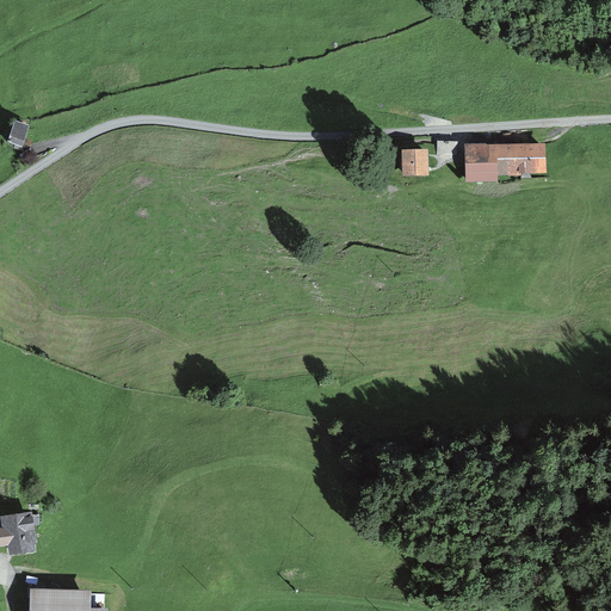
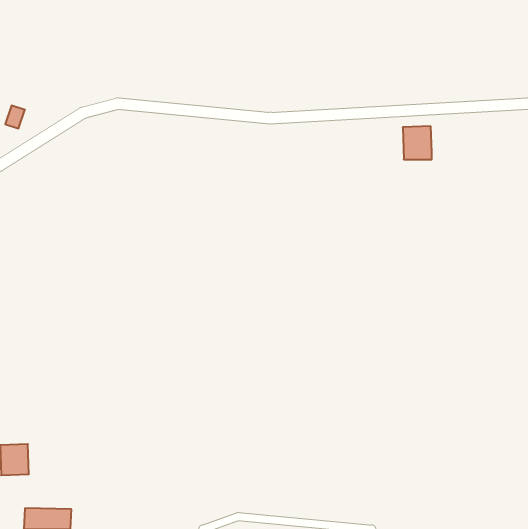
building: [496,144,547,175] -> none
building: [401,149,428,177] -> none

